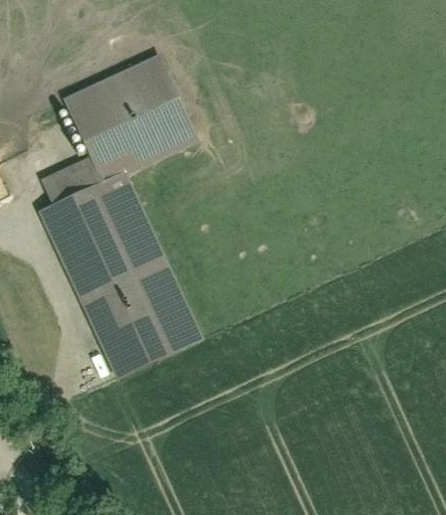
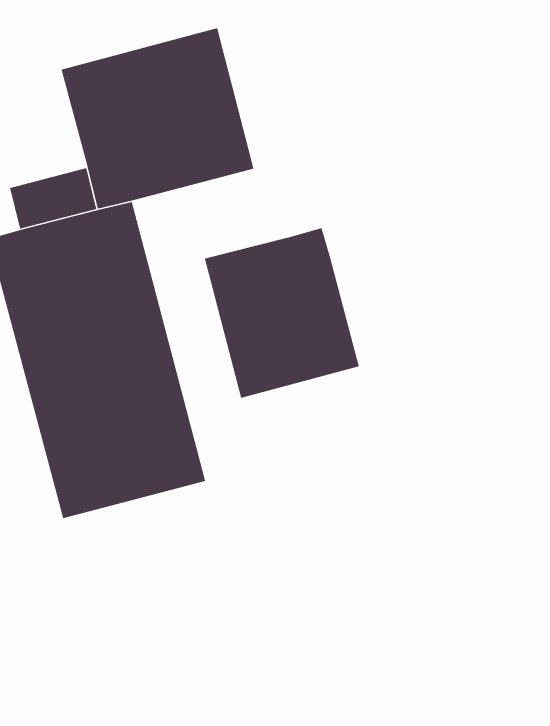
building: none -> [204,227,360,399]

